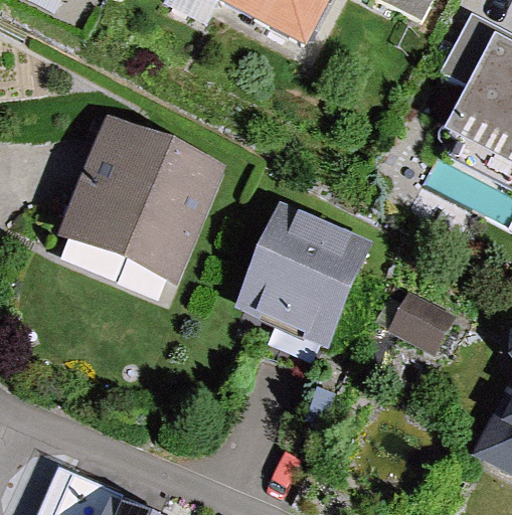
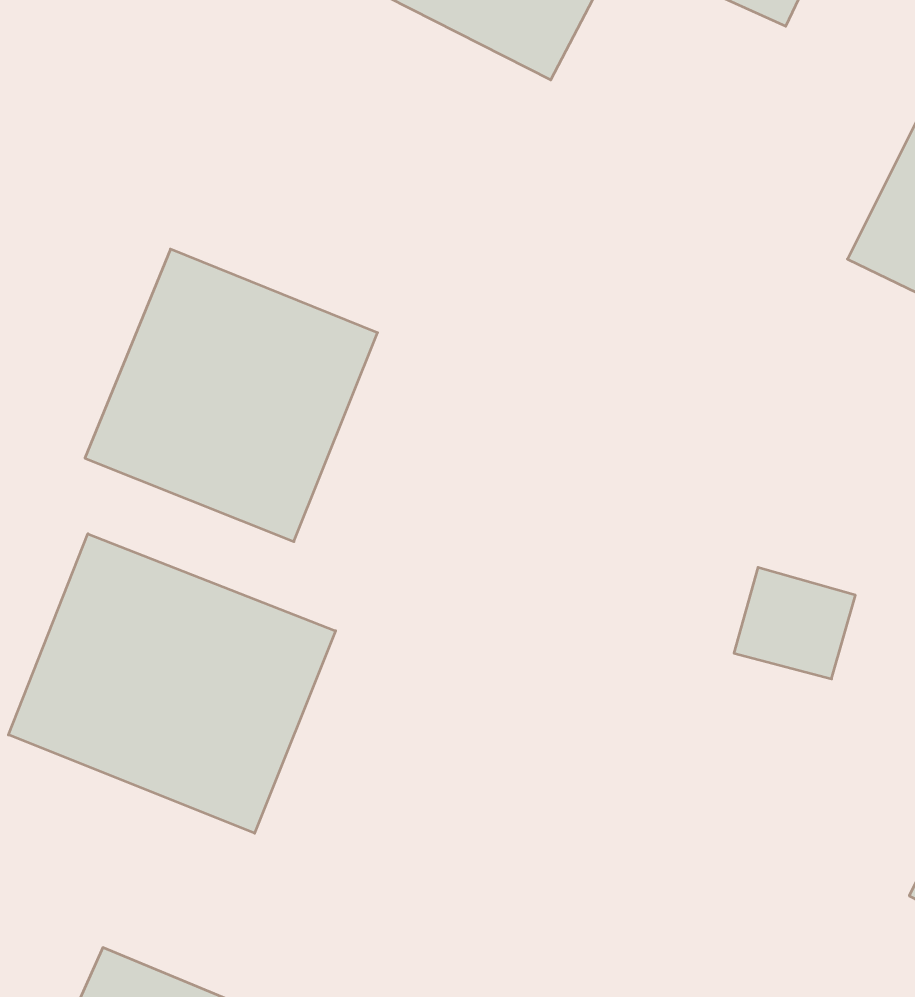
building: [242,214,360,339] -> none
building: none -> [8,534,336,833]

